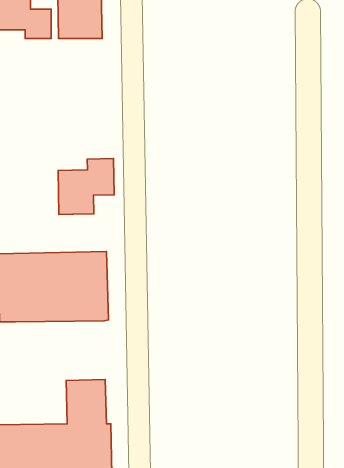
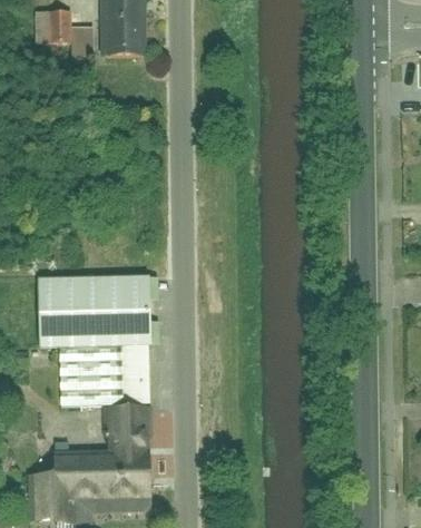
building: [58,159,114,215] -> none
building: none -> [57,346,149,409]

